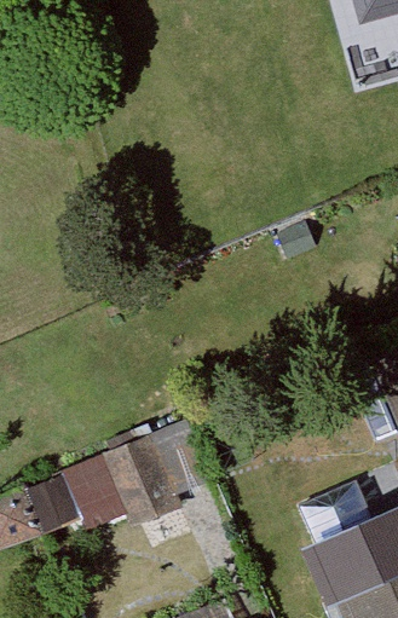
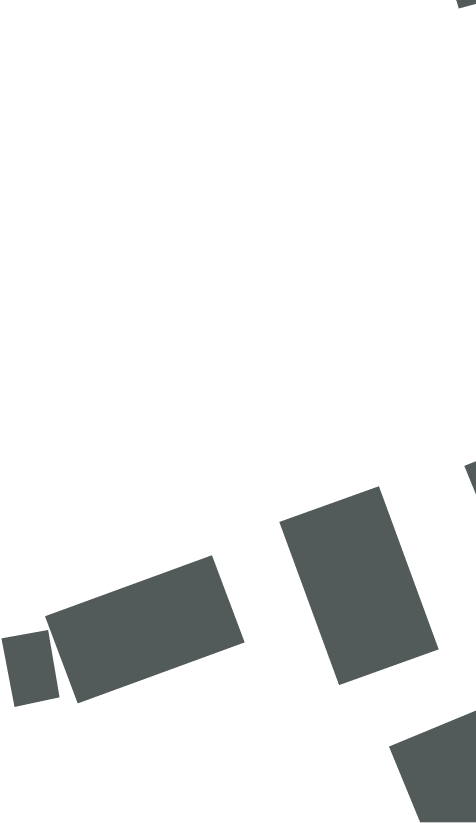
building: none -> [278,485,440,686]

